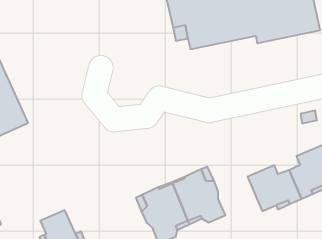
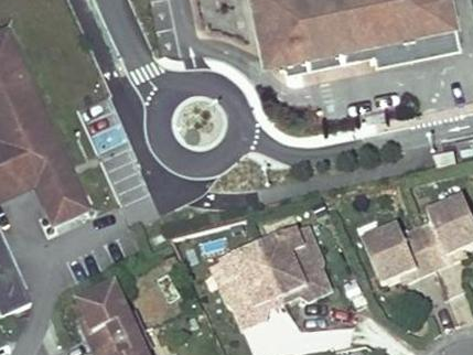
building: none -> [34,165,82,216]

